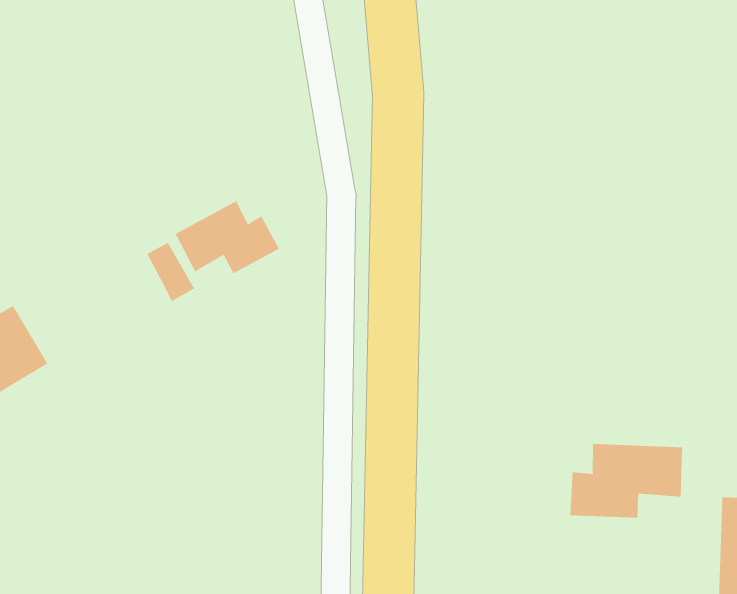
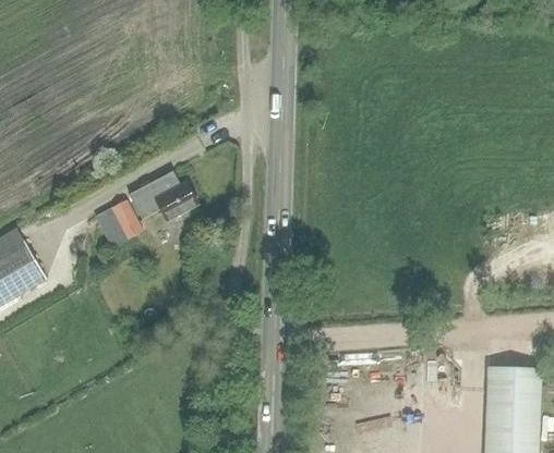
building: none -> [95,207,127,247]
building: [570,443,682,519] -> none

